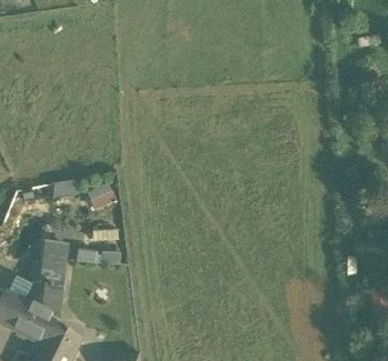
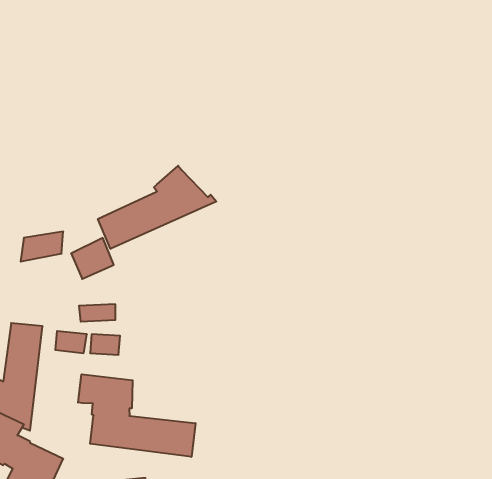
building: none -> [98,166,216,249]
building: none -> [78,374,195,457]

